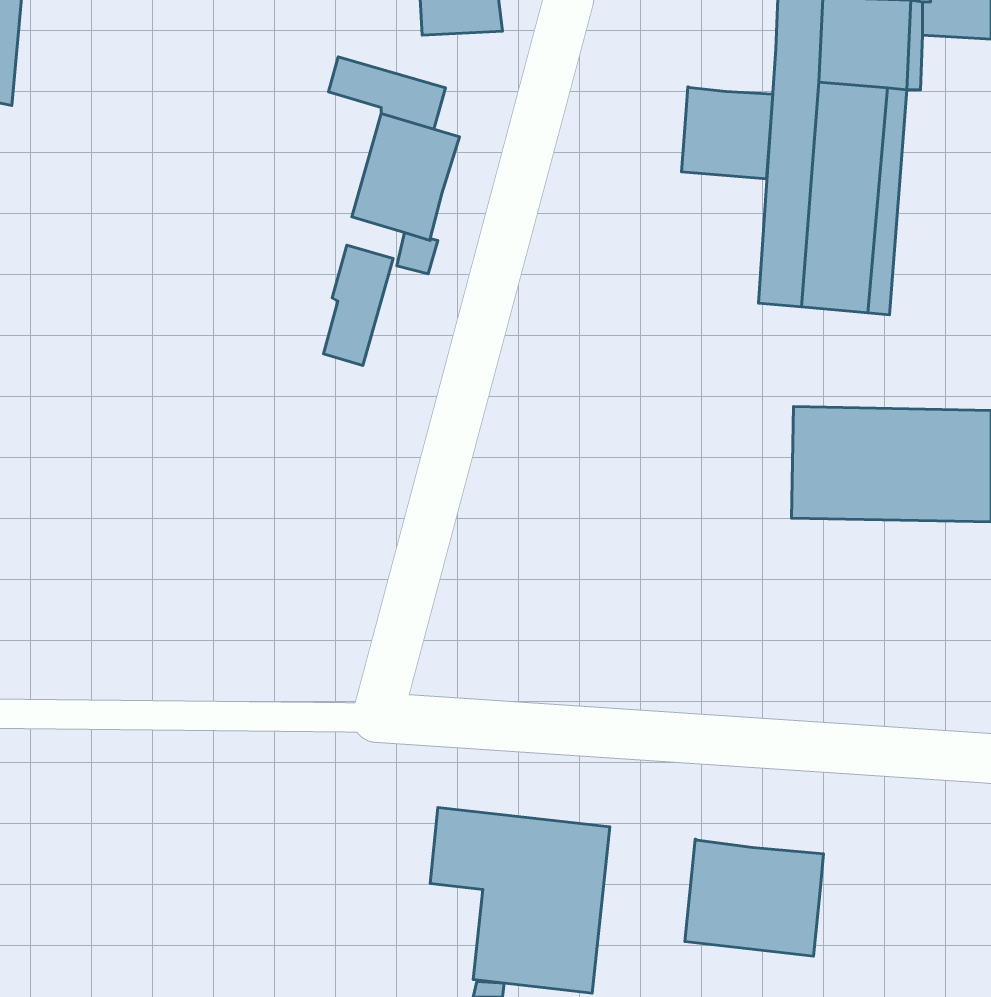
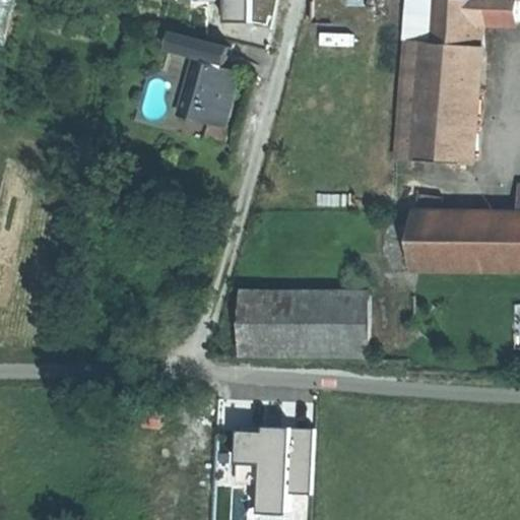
building: [682,87,773,179] -> none
building: [323,245,393,365] -> none
building: none -> [242,294,368,358]
building: [685,839,824,956] -> none

